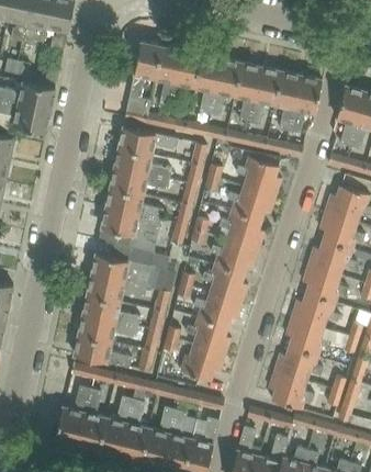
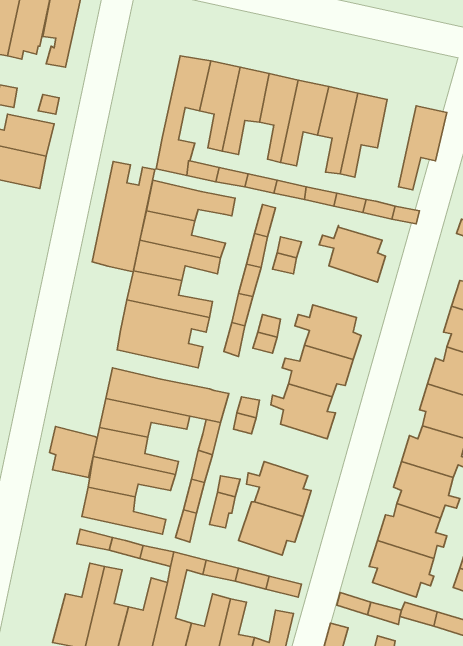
building: [274,70,301,130] -> none
building: none -> [92,162,155,272]
building: [227,183,274,218] -> none
building: [193,291,240,326] -> none
building: none -> [50,426,97,477]

